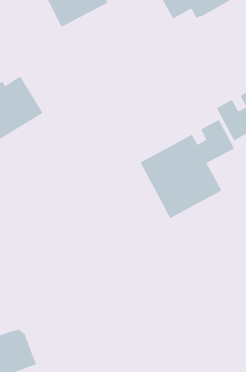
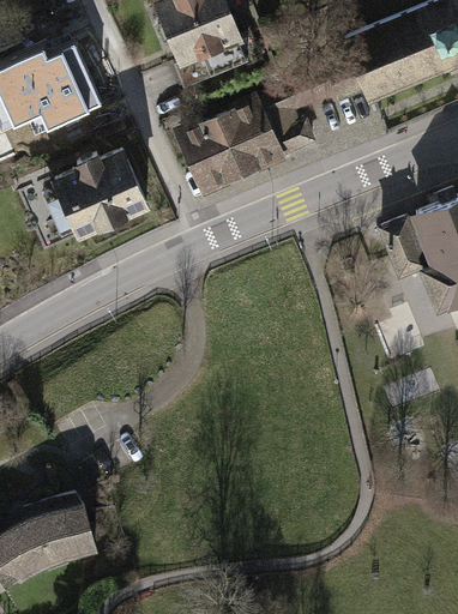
building: none -> [177,91,302,189]
building: [140,119,235,219] -> none

